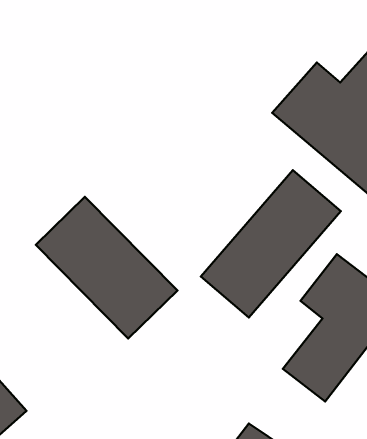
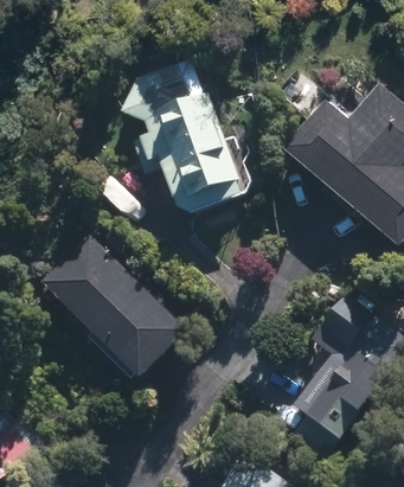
building: none -> [121,58,241,214]
building: [201,170,341,317] -> none

